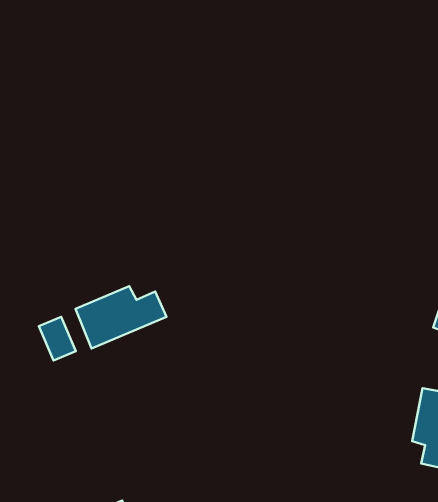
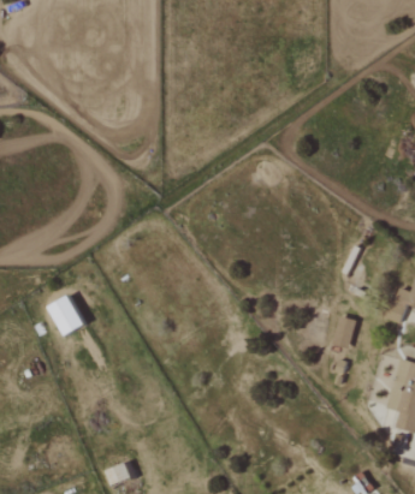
building: [76,286,167,349] -> none

